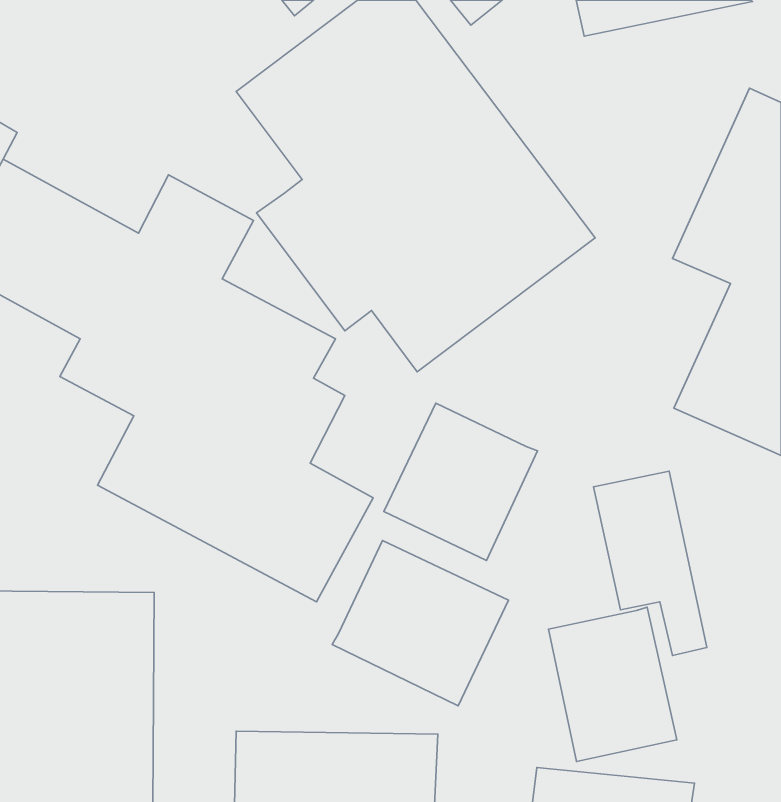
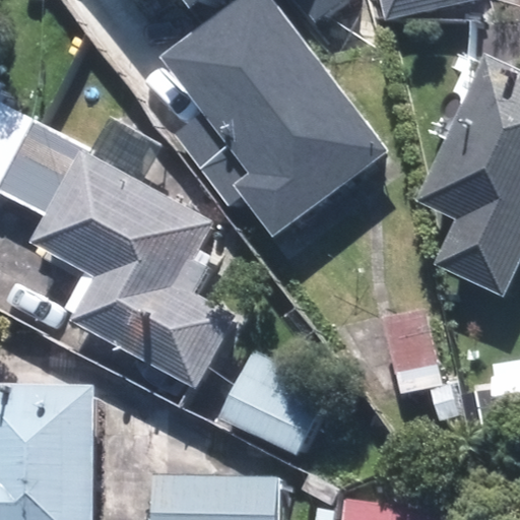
building: [384,403,538,560] -> none
building: [548,607,677,761] -> none

